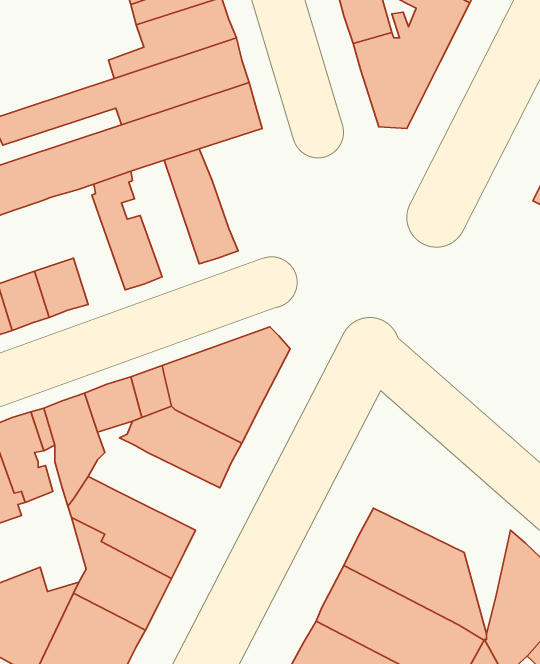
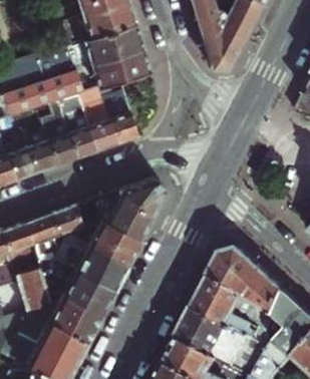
building: none -> [78,88,116,151]
building: none -> [41,101,76,166]
building: none -> [56,239,127,289]
building: none -> [211,248,285,345]
building: none -> [18,266,55,322]

